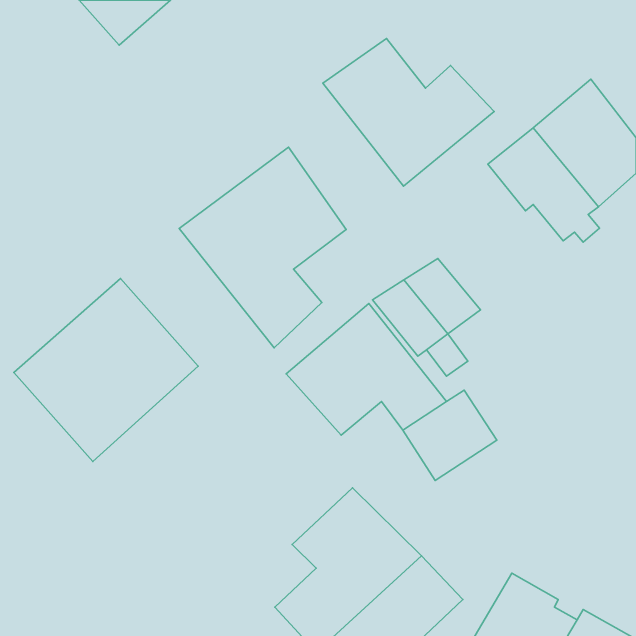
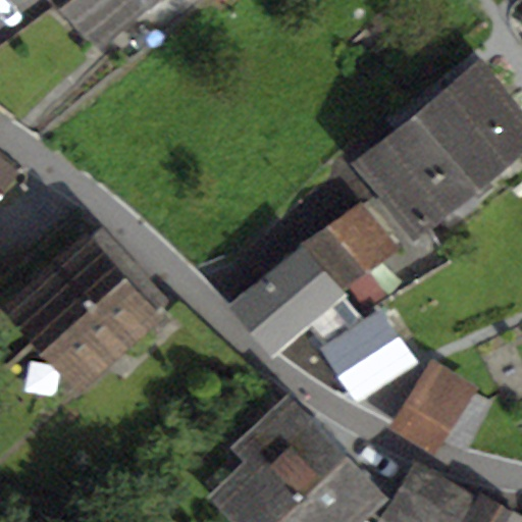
building: [323,39,494,186] -> none
building: [179,147,346,348] -> none
building: none -> [371,138,458,237]
building: none -> [397,372,485,455]

